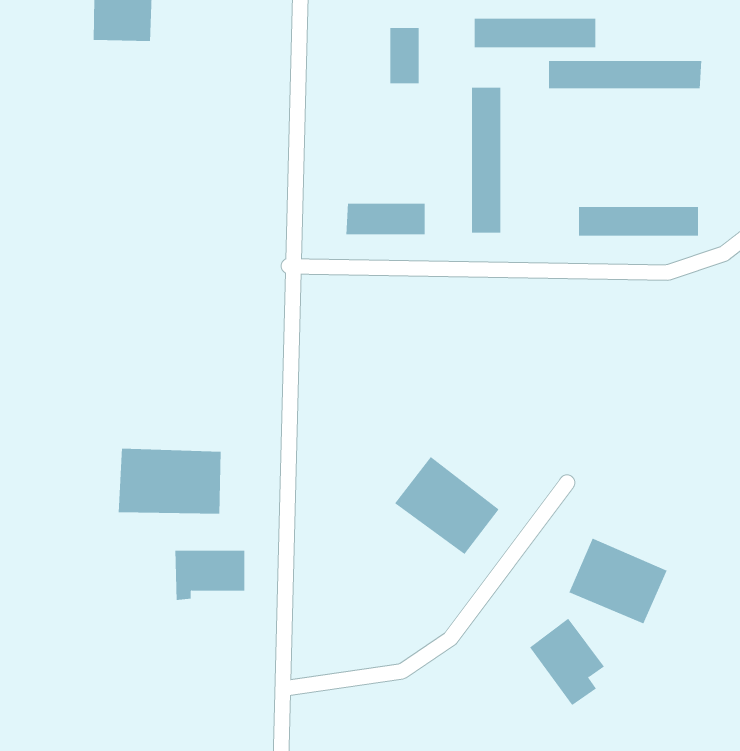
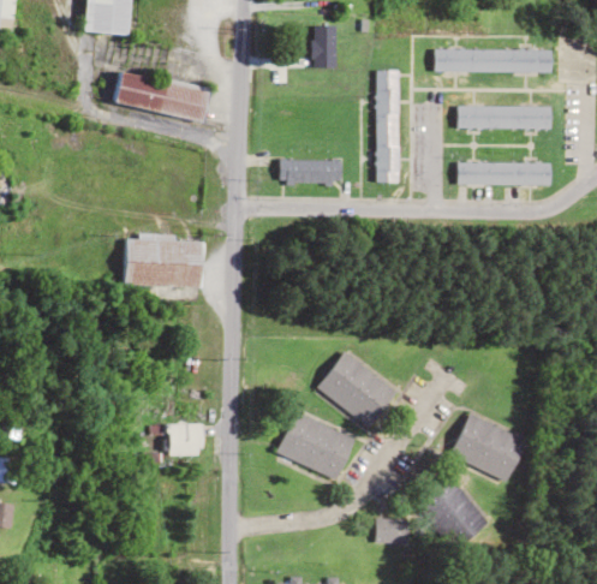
building: [474,18,596,48] -> [458,106,551,129]
building: none -> [113,70,211,121]
building: [118,448,222,514] -> [124,236,203,286]
building: none -> [277,411,356,479]
building: none -> [376,519,410,543]

